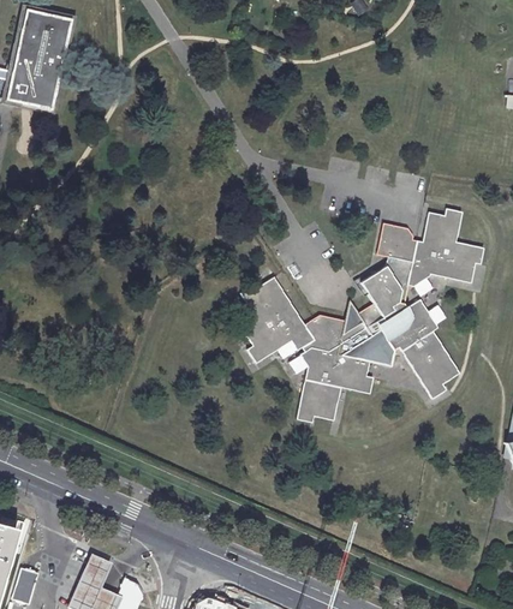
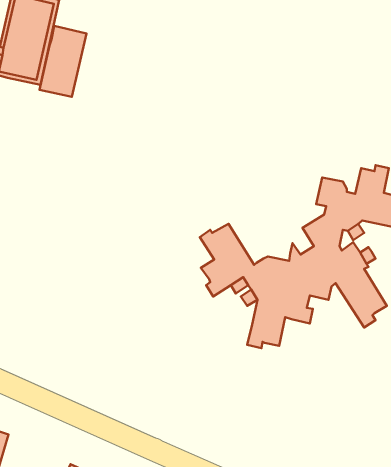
building: none -> [39,26,86,97]

